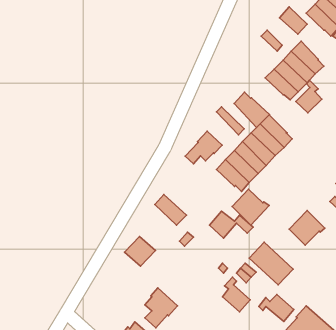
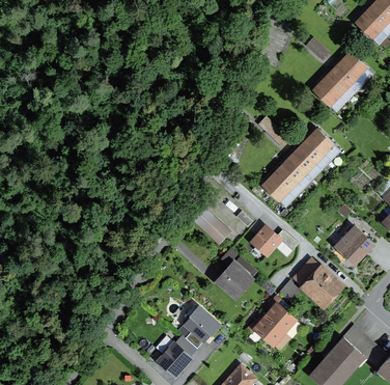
building: [280,7,307,34] -> none
building: [296,80,322,113] -> none
building: [234,92,270,127] -> none
building: [185,131,222,164] -> none
building: [232,189,269,225] -> none
building: [125,236,155,266] -> [218,265,250,296]
building: [259,295,294,321] -> [247,317,283,345]

